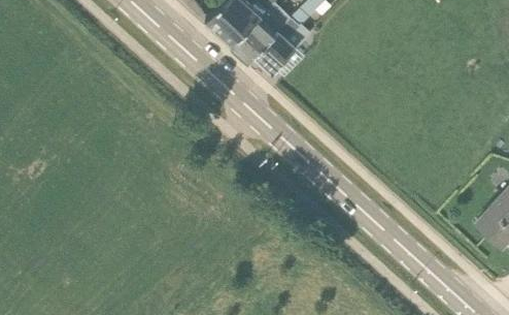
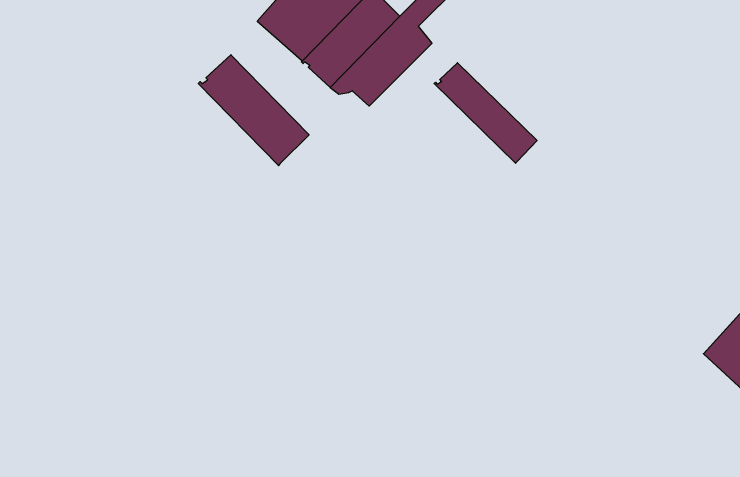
building: none -> [198,55,309,166]
building: none -> [434,63,537,163]

